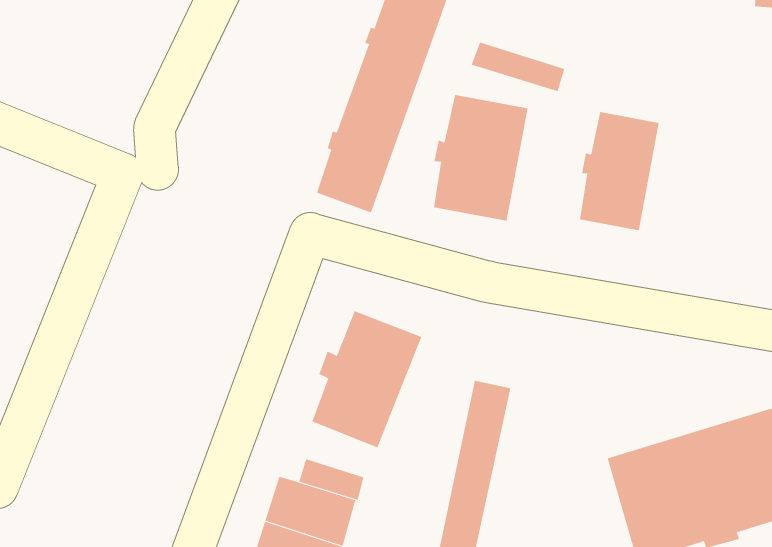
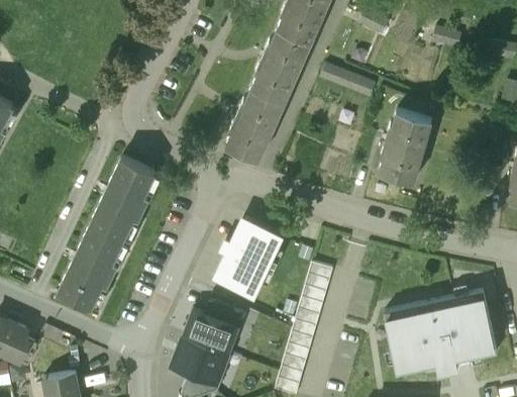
building: [434,94,528,221] -> none
building: none -> [60,162,150,306]

